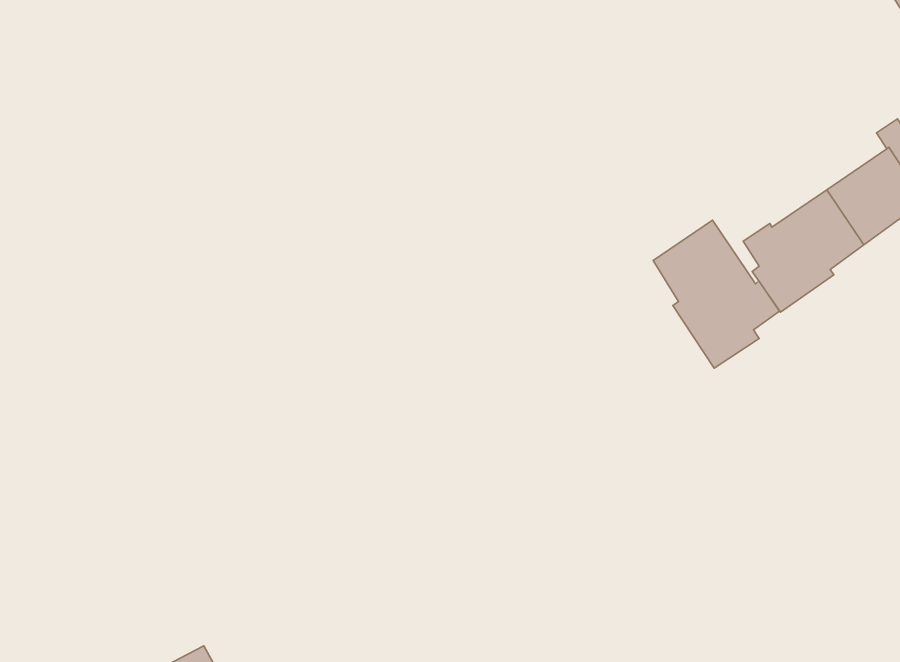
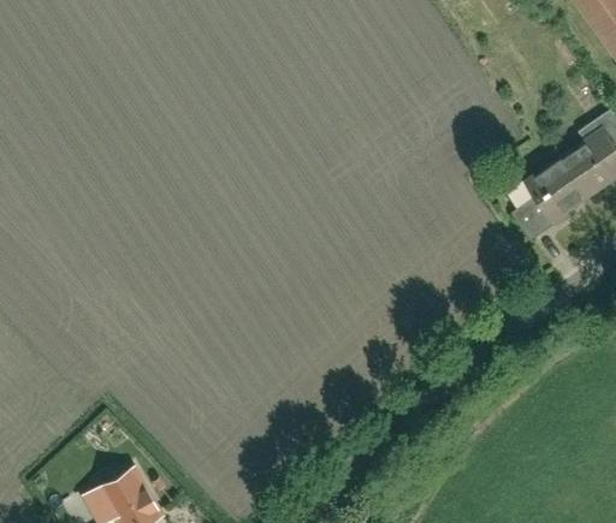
building: [653,220,780,368] -> none

